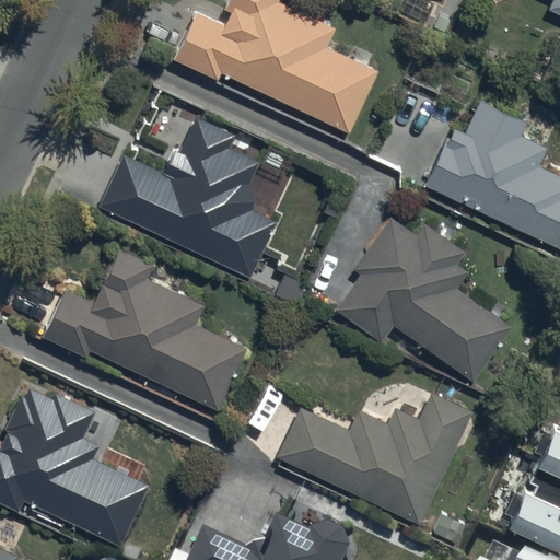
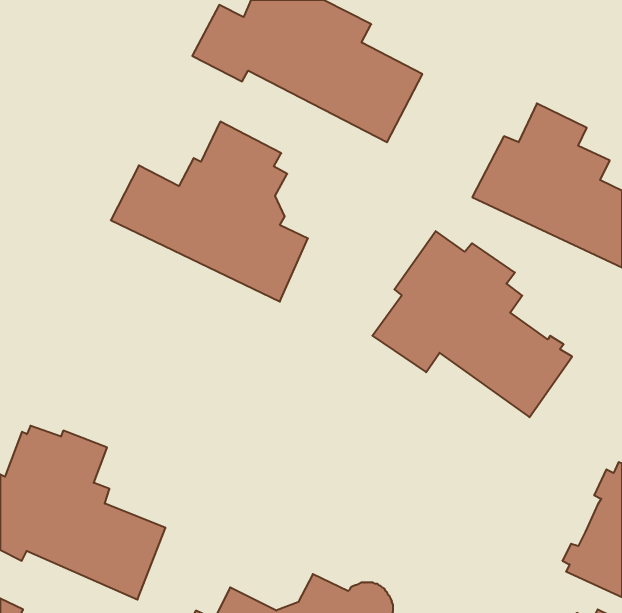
building: [44,249,245,408] -> none
building: [278,394,470,524] -> none

